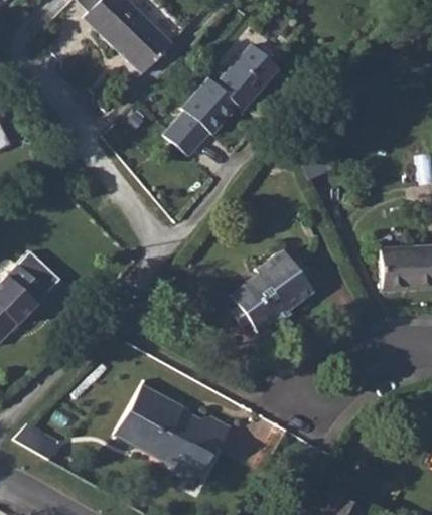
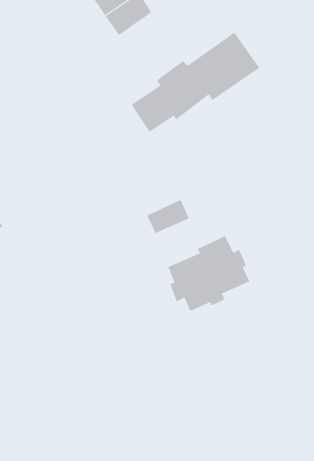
building: none -> [146,199,190,234]
building: [110,382,235,476] -> none

